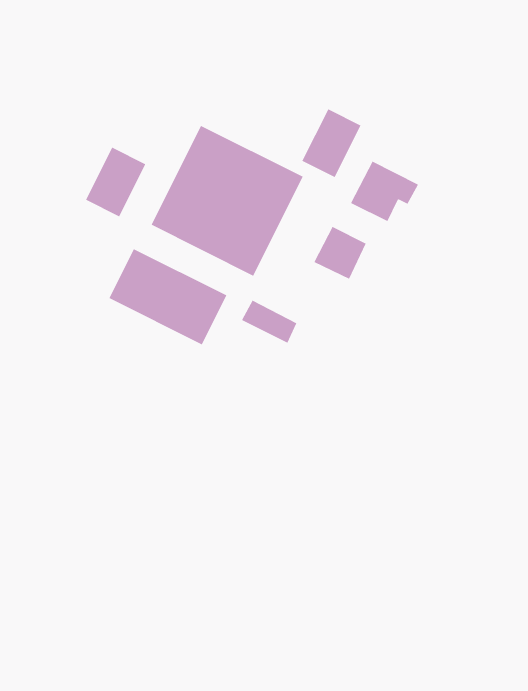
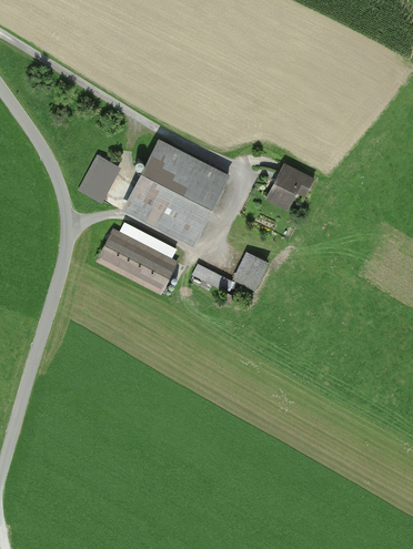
building: [302,108,361,178] -> none
building: [314,226,367,279] -> [232,251,270,288]

